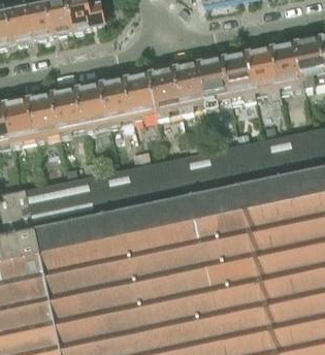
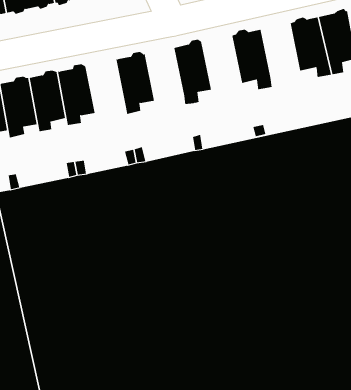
building: [245,47,279,98] -> none
building: [195,56,228,110] -> none
building: [148,66,180,121] -> none
building: [98,76,131,129] -> none

